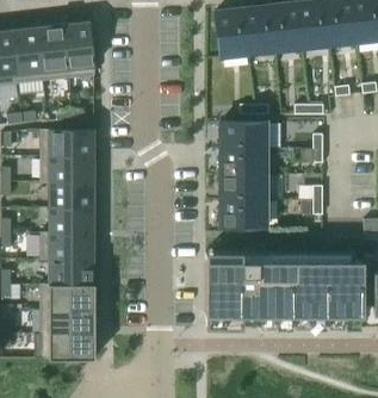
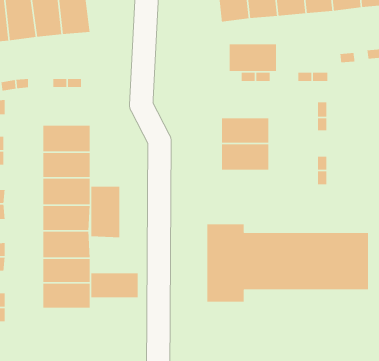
building: [221,123,267,150] -> [229,44,277,72]
building: [48,130,94,157] -> none
building: [221,201,267,229] -> none
building: none -> [91,186,120,238]
building: [48,335,94,360] -> [91,272,139,298]

